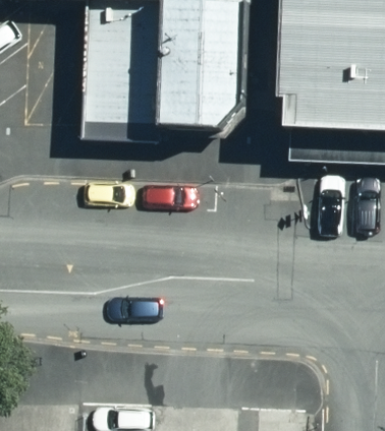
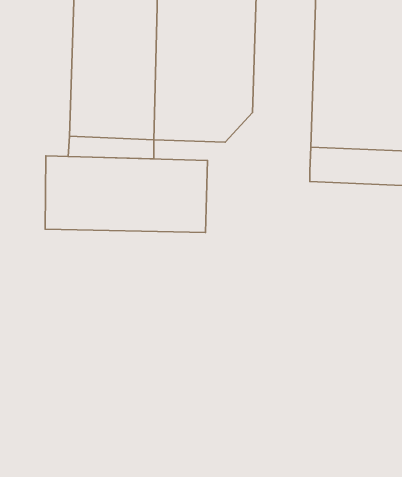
building: none -> [45,156,207,233]

